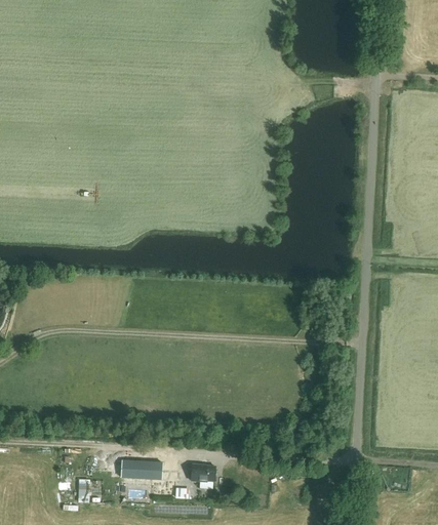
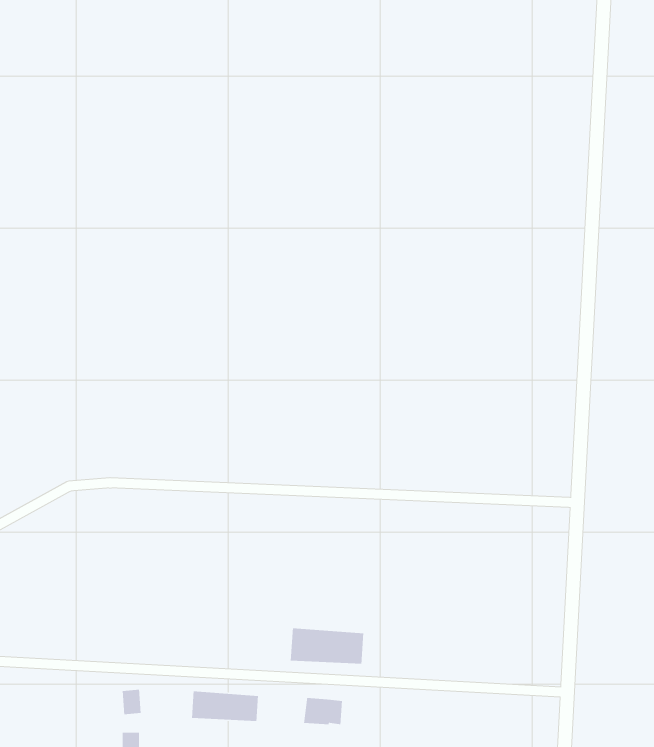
building: none -> [290,627,364,665]

